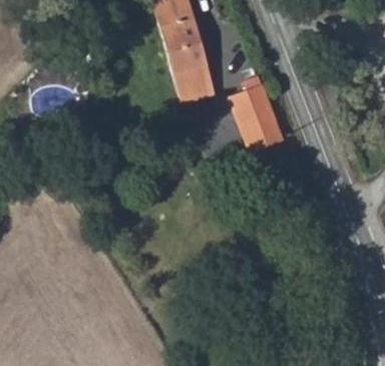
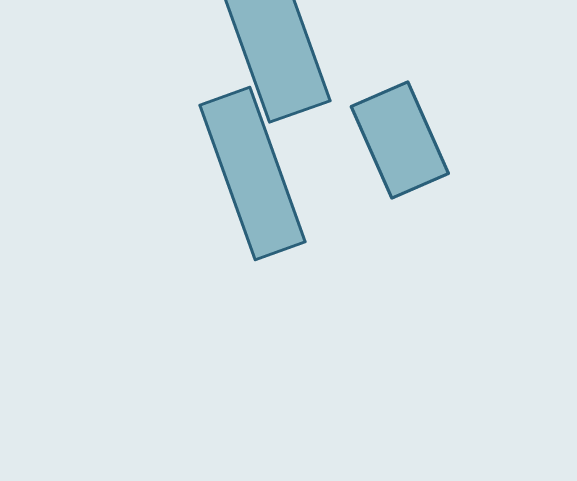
building: none -> [200,87,305,260]

